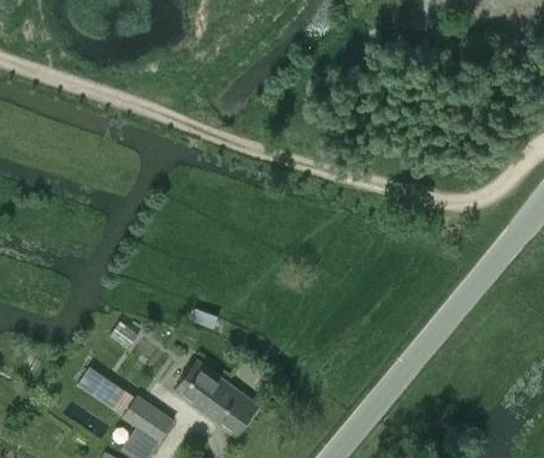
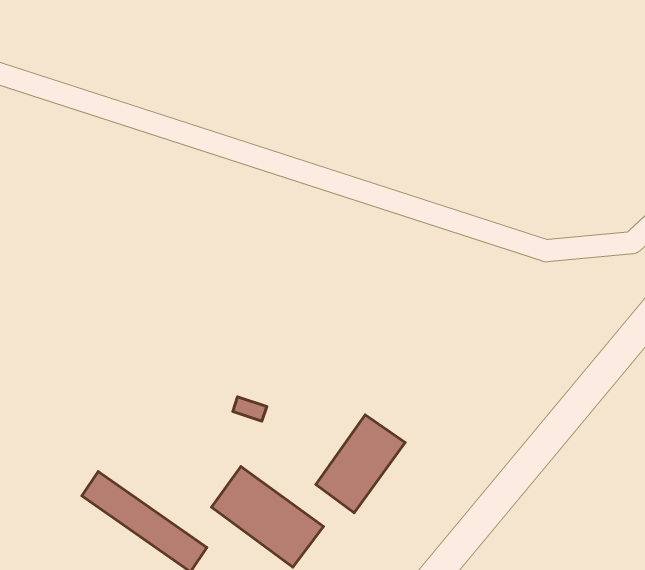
building: none -> [316,415,405,513]

